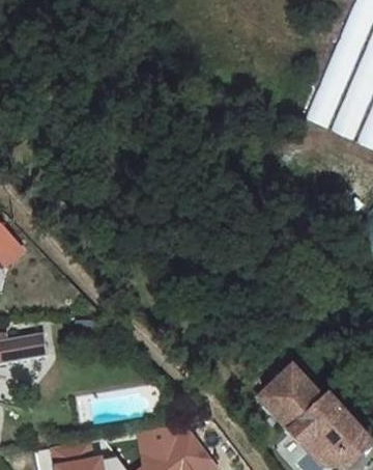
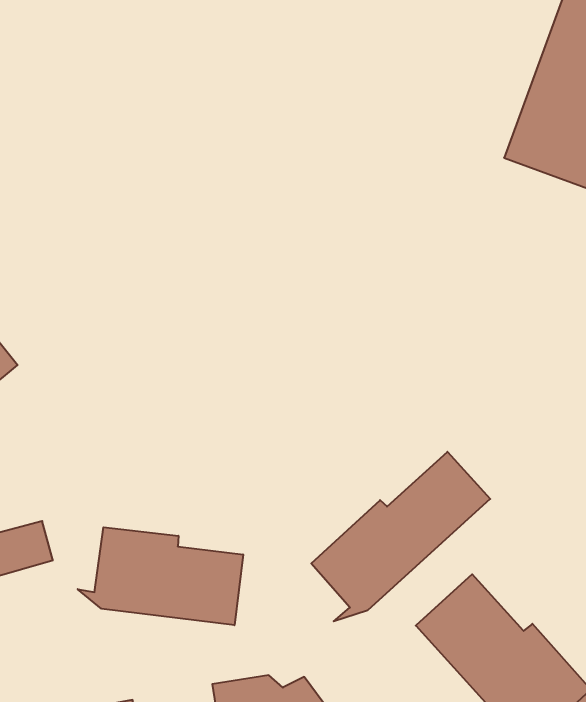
building: none -> [311,452,490,621]
building: none -> [78,527,243,625]

